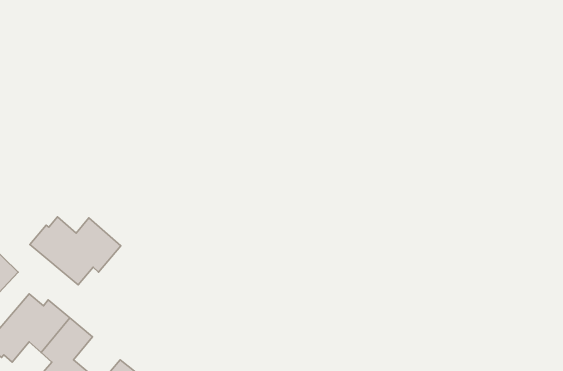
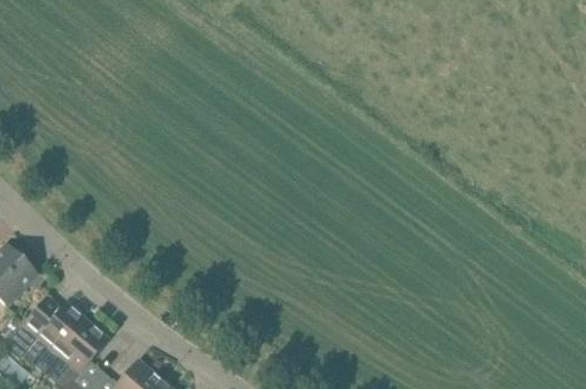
building: [30,217,121,285] -> none

